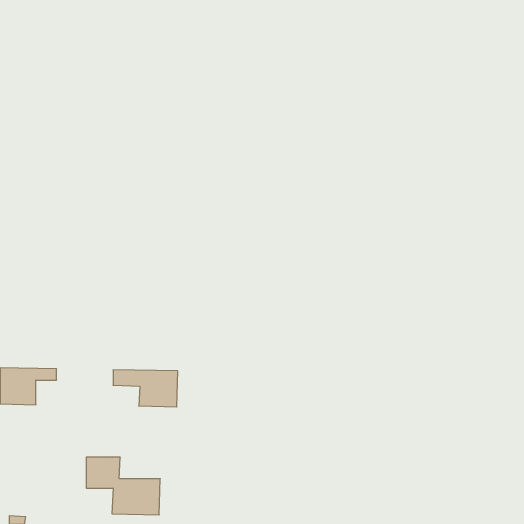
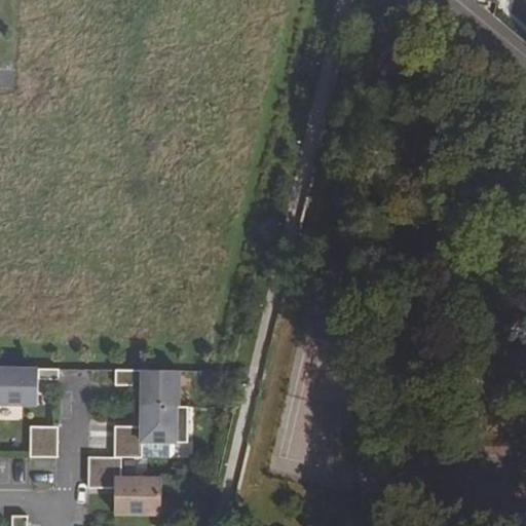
building: none -> [113,406,187,458]
building: none -> [26,429,58,457]

